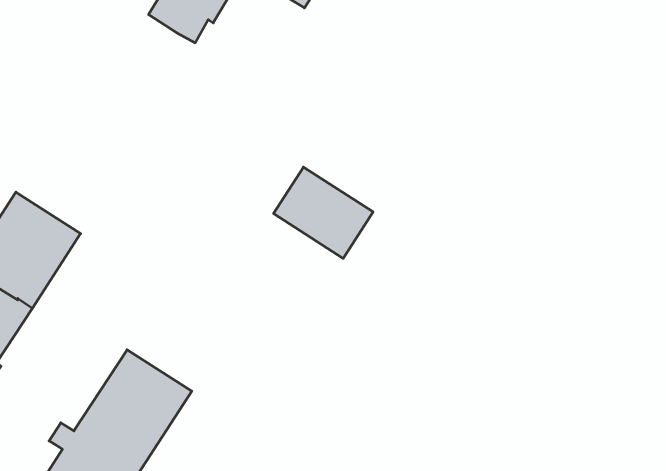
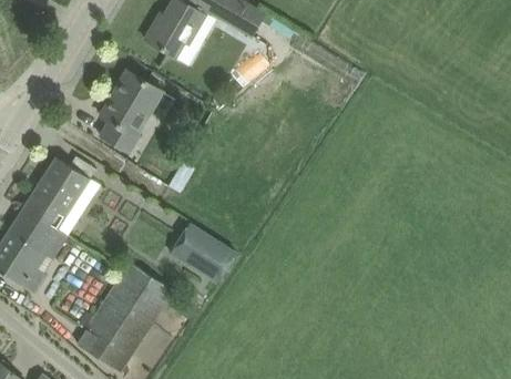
building: none -> [99,70,162,153]
building: [274,167,373,258] -> [170,222,236,283]

